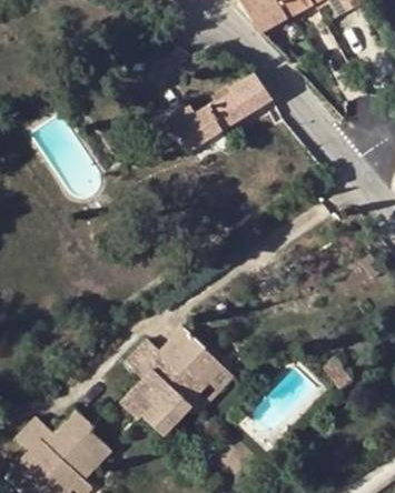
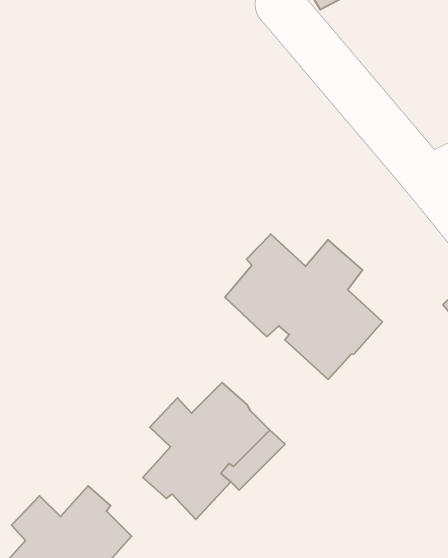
building: [168,71,271,149] -> none
building: none -> [225,234,382,379]

